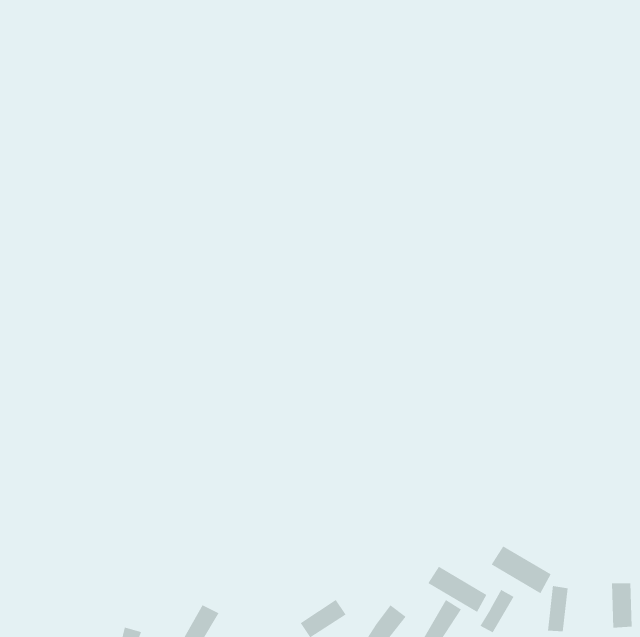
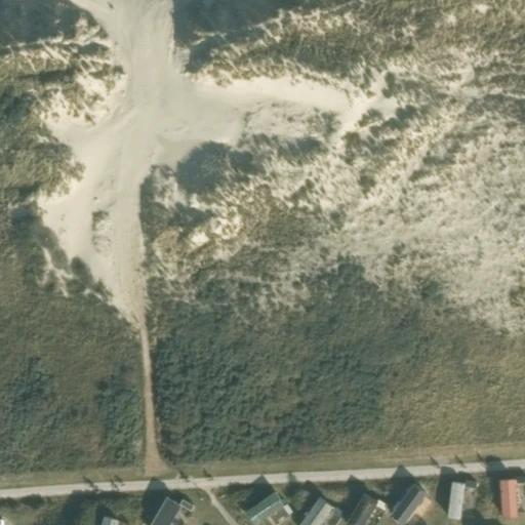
building: [491,545,552,594] -> none
building: [427,566,487,613] -> none

